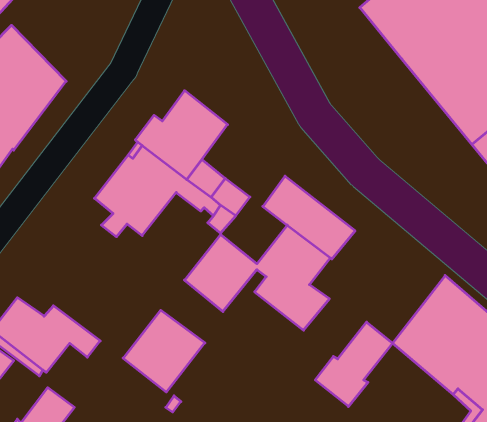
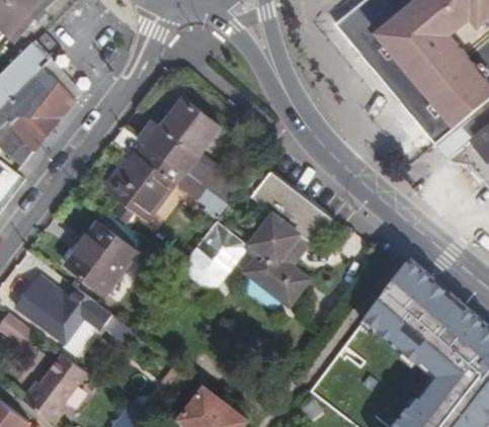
building: [123,310,205,392] -> [66,223,137,293]
building: [315,322,392,407] -> none

